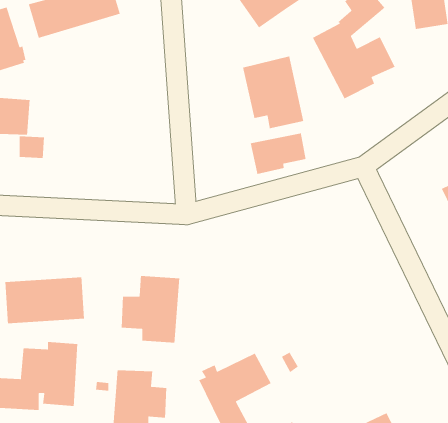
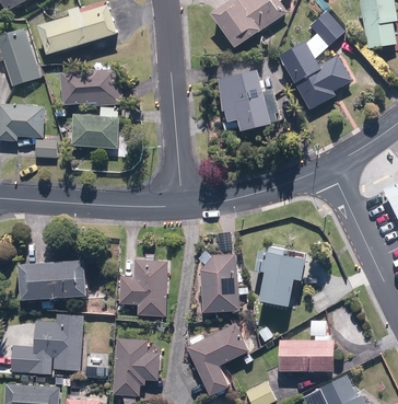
building: none -> [62,71,121,106]
building: none -> [73,115,120,150]
building: [250,133,307,175] -> none
building: none -> [256,244,307,303]
building: none -> [201,253,239,310]
building: none -> [279,333,333,369]

